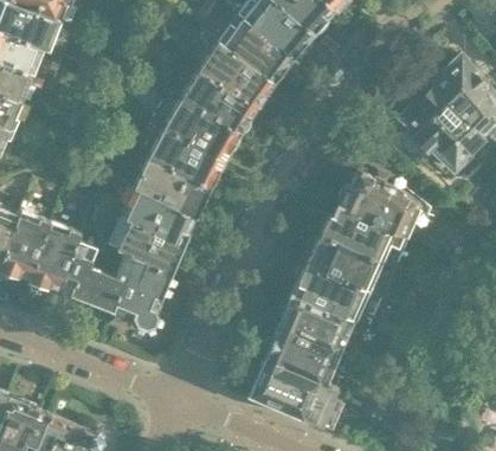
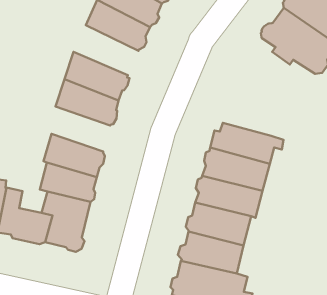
building: [181,71,256,136] -> none
building: [135,159,210,219] -> none
building: [337,172,420,239] -> none

